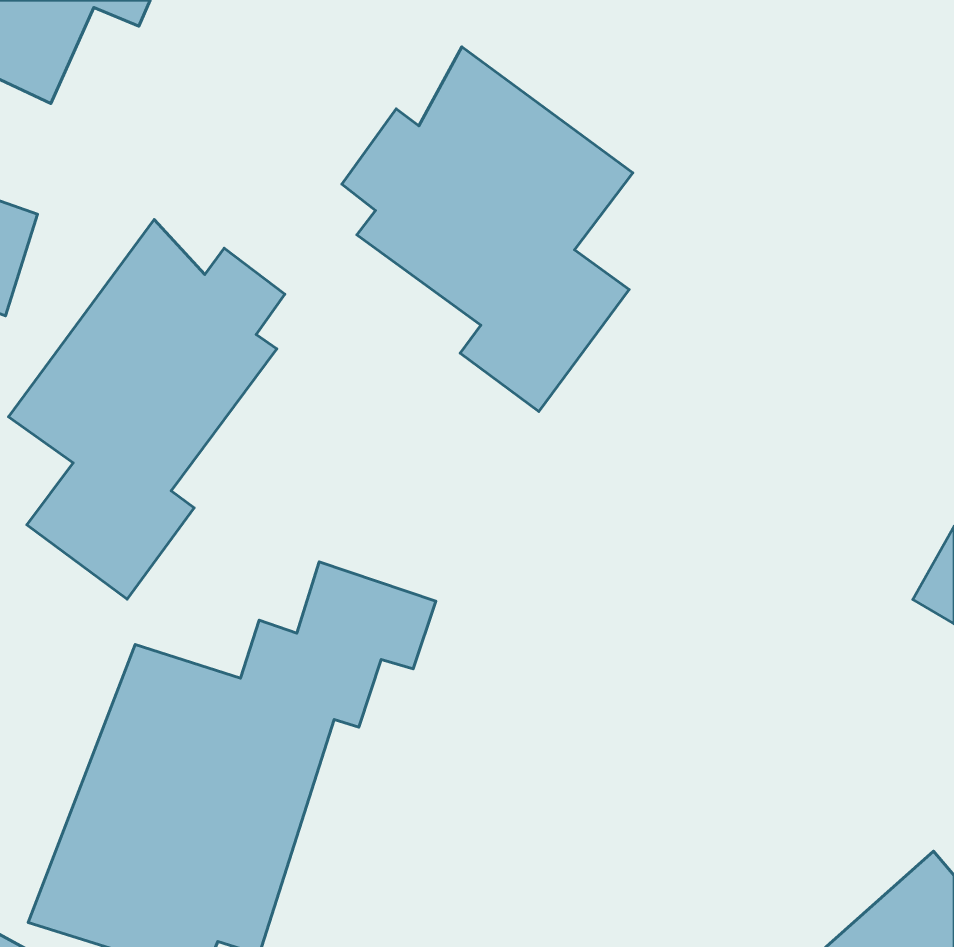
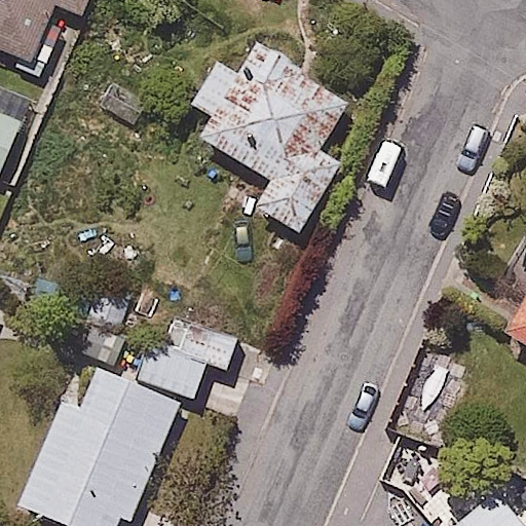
building: [9,220,285,599] -> none

